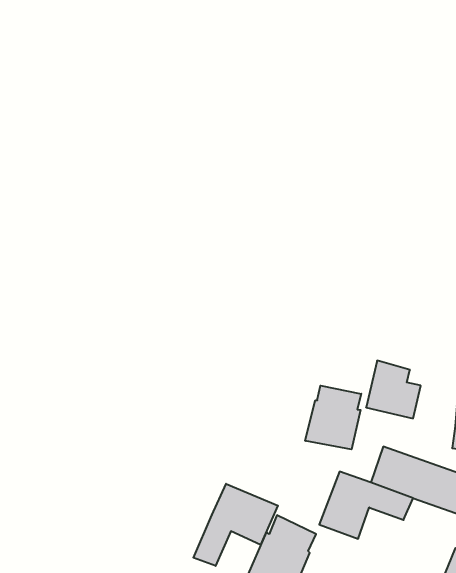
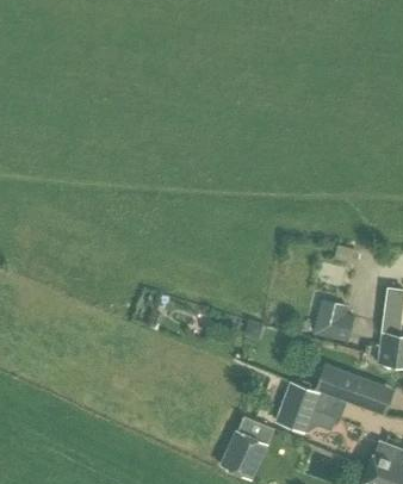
building: [305,386,361,449] -> none
building: [193,484,278,566] -> none

